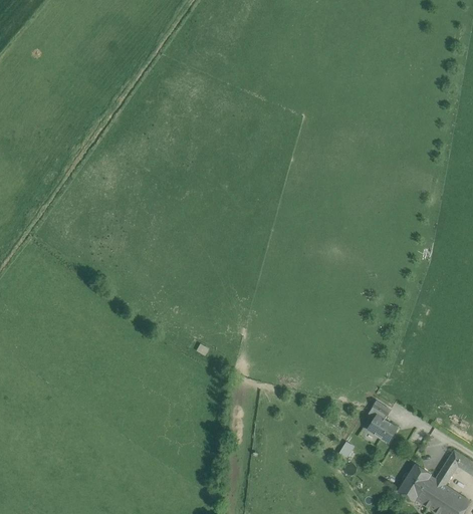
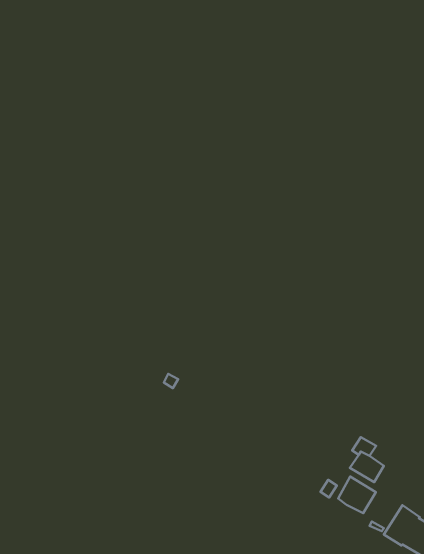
building: none -> [338,477,376,513]

